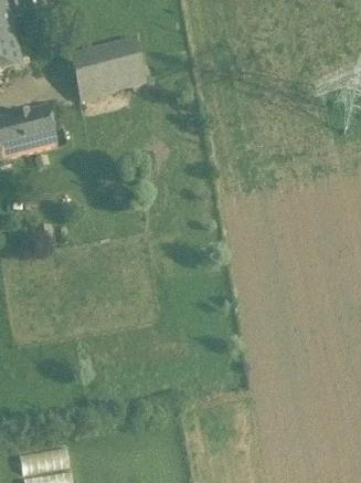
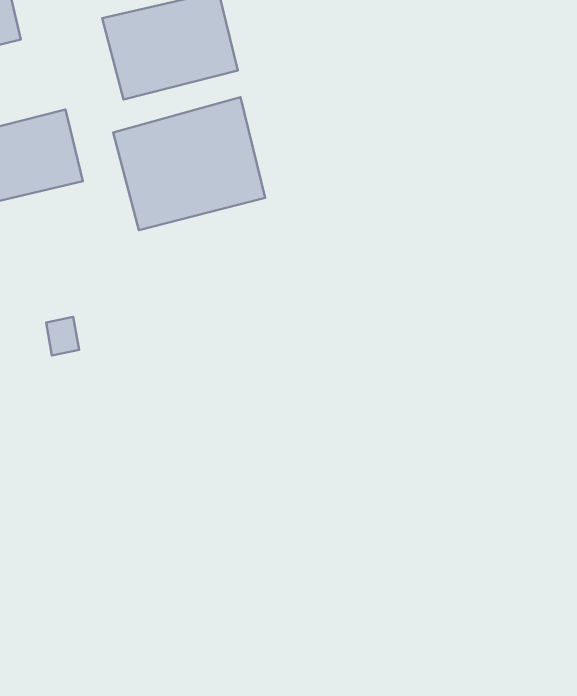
building: none -> [113,97,265,230]

